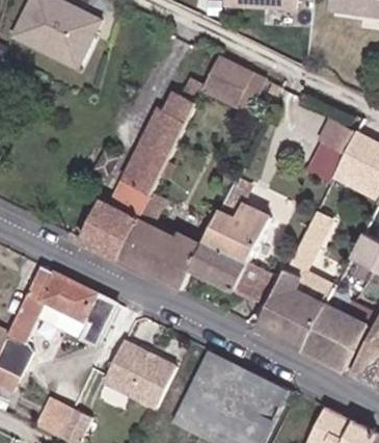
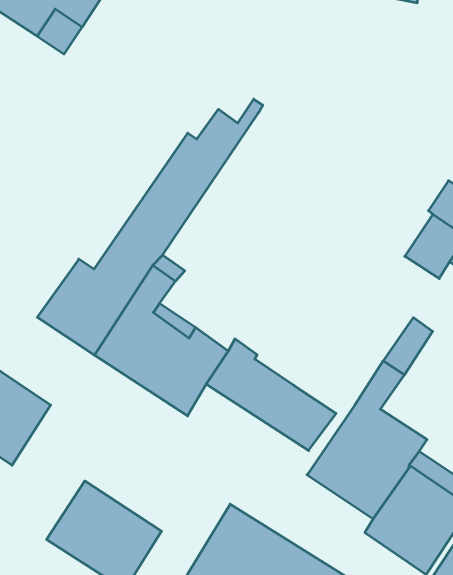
building: [202,58,250,107] -> none
building: [206,179,270,263] -> none
building: [74,295,114,346] -> none

